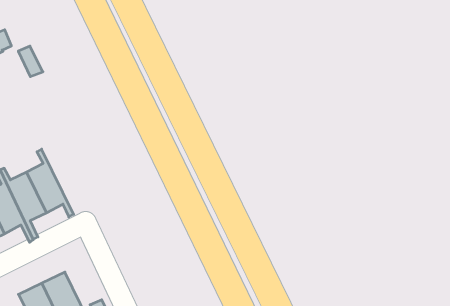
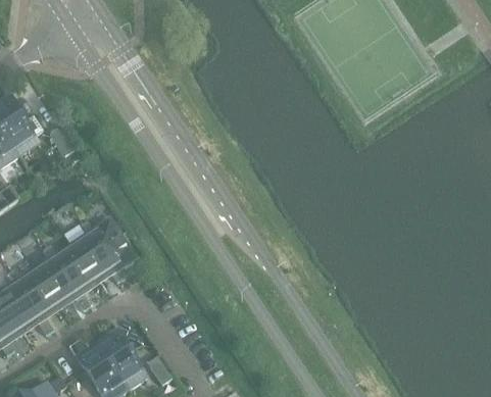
building: none -> [82,220,133,280]

